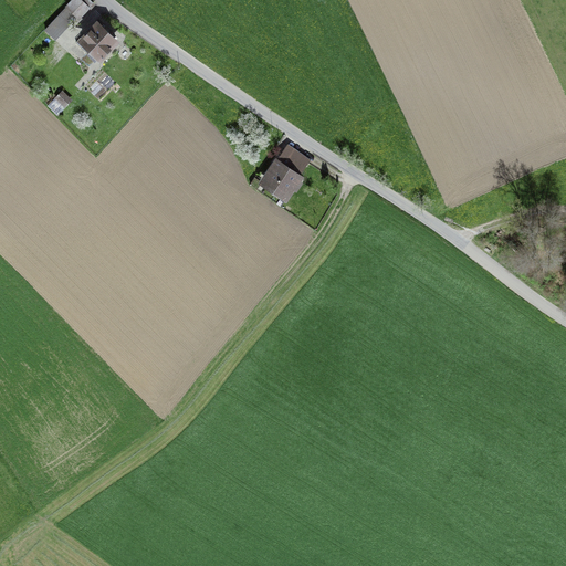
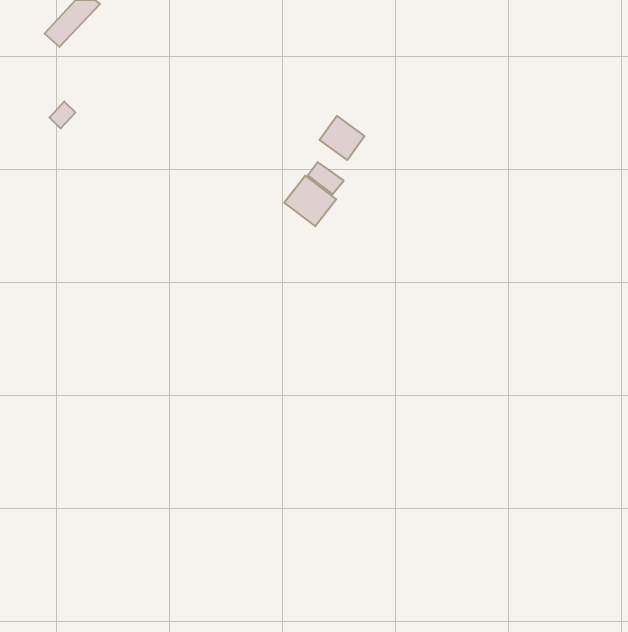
building: [75,20,118,63] -> none
building: none -> [320,116,365,160]

